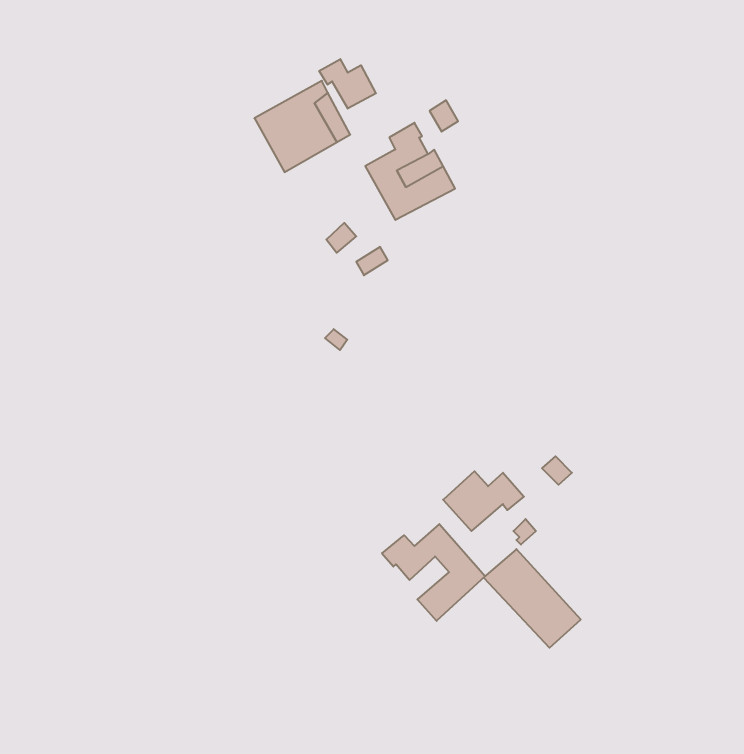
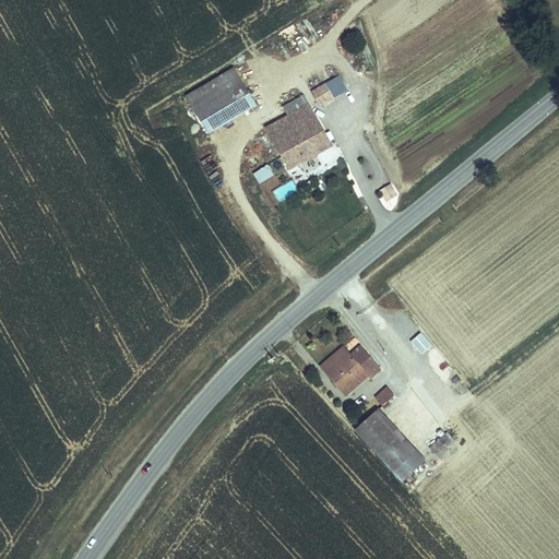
building: [319,59,376,109] -> none
building: [382,524,485,621] -> none

